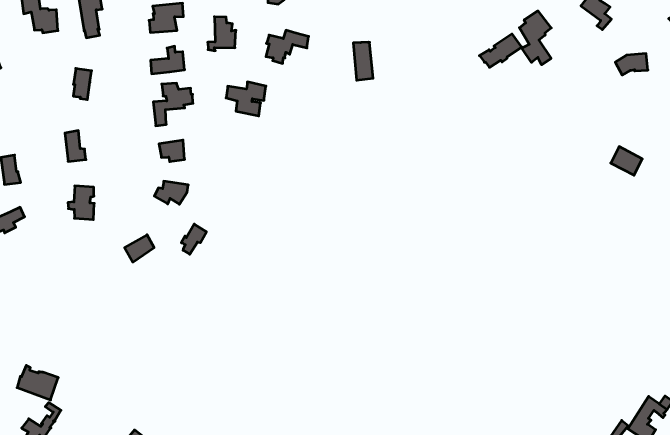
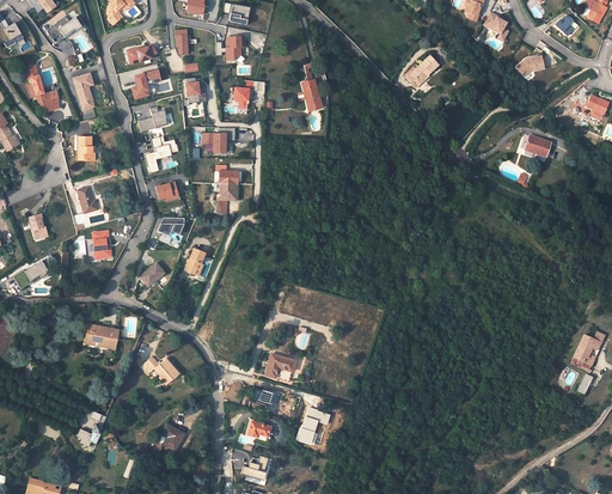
building: [519,11,551,65] -> none
building: none -> [218,171,238,215]
building: none -> [141,356,179,385]
building: none -> [264,354,294,382]
building: [17,365,58,400] -> [86,324,118,349]

